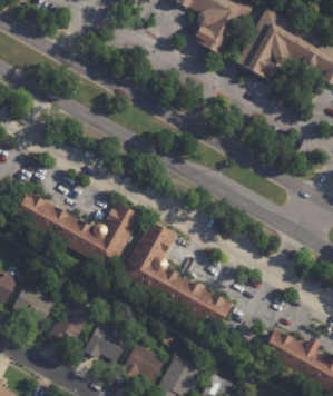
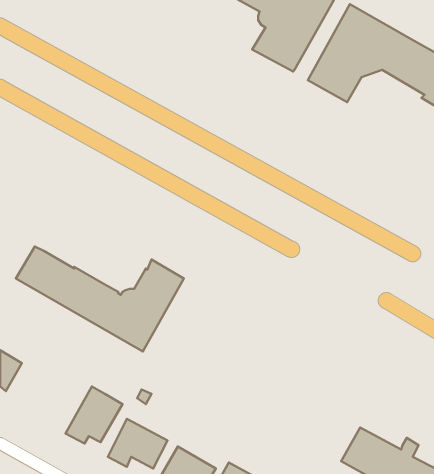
building: [120,219,231,328] -> none
building: [12,285,56,324] -> none

